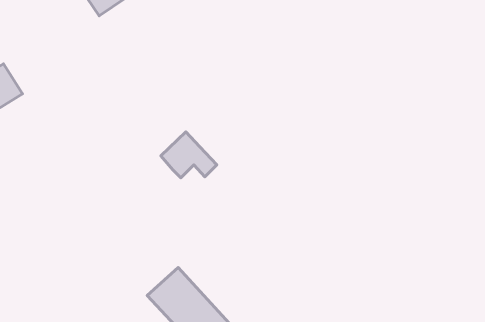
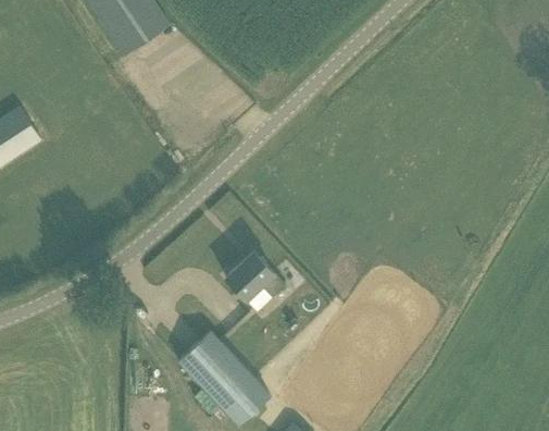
building: [161,132,217,178] -> [226,249,287,299]

